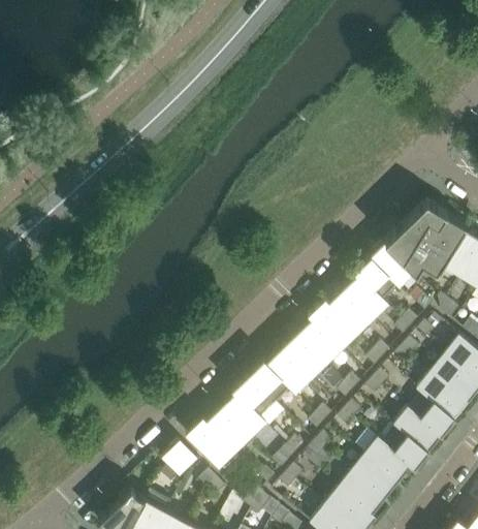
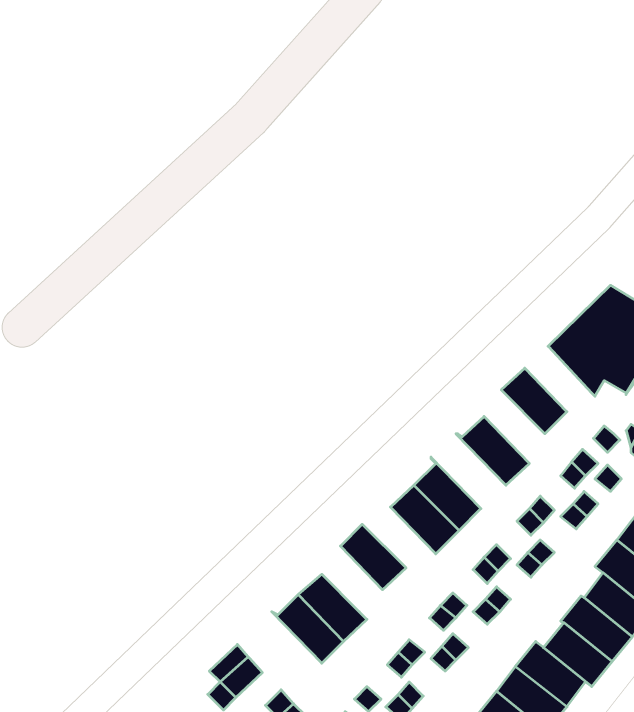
building: [370,244,414,288] -> none
building: [343,273,387,321] -> none
building: [308,302,357,351] -> none
building: [262,350,311,396] -> none
building: [231,376,276,419] -> none
building: [185,419,235,470] -> none

